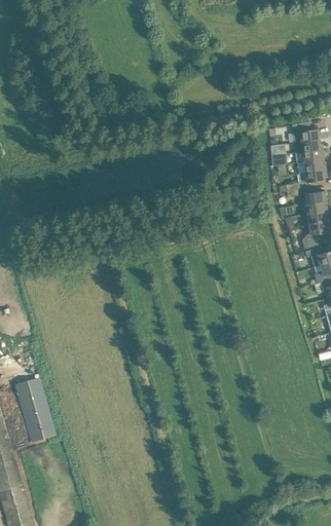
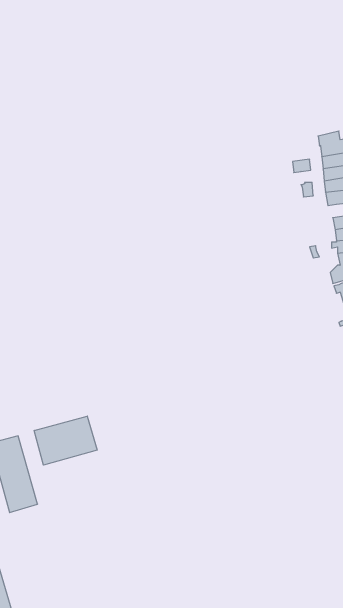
building: none -> [34,416,97,465]

